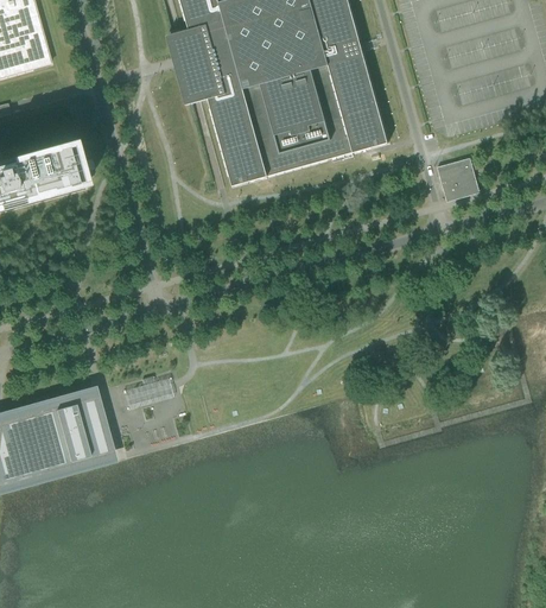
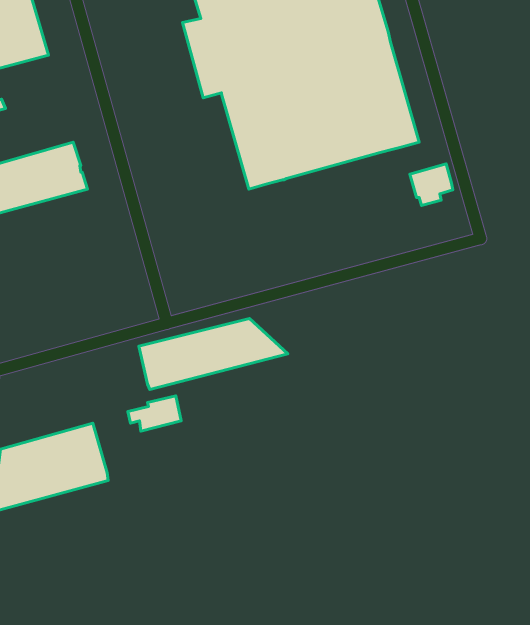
building: [436,156,475,194] -> [410,164,453,205]
building: none -> [139,318,288,390]

